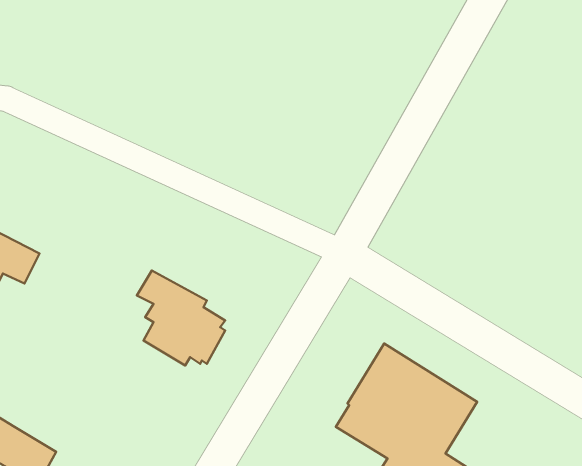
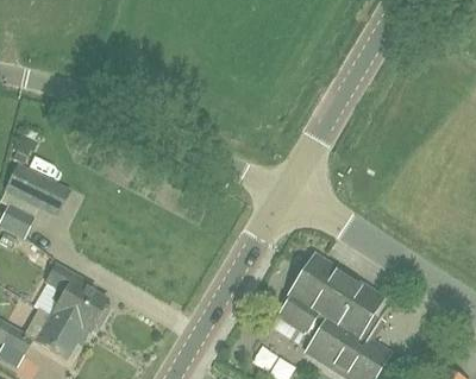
building: [137,271,225,366] -> [45,265,108,333]

